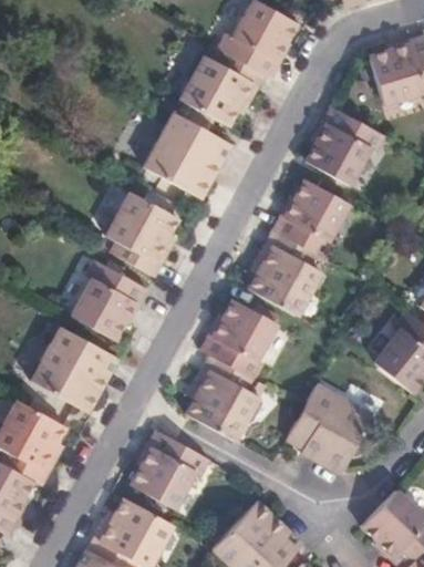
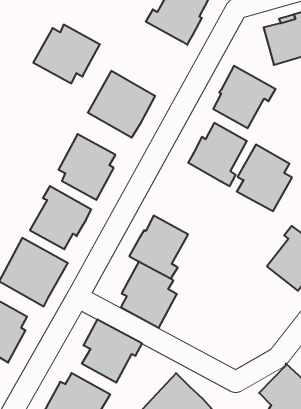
building: [179,49,265,124] -> [33,25,100,83]
building: [248,229,319,315] -> [237,145,292,211]
building: [285,383,372,473] -> none

